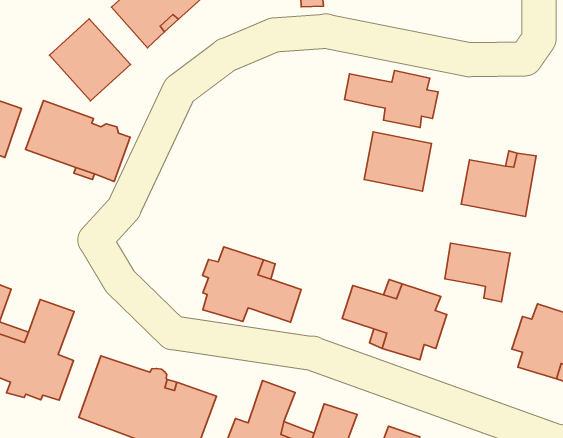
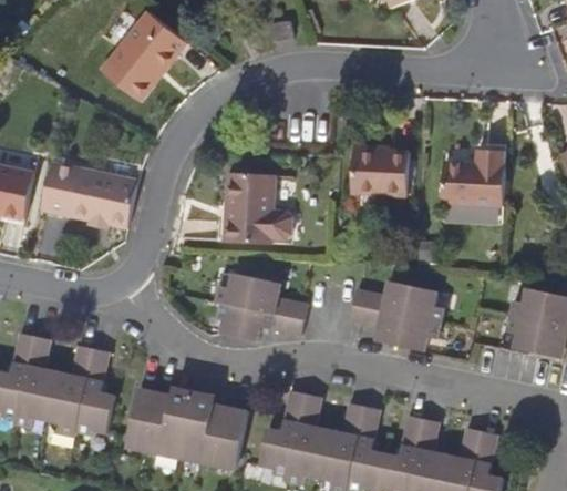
building: [49,19,130,101] -> none
building: [344,70,438,128] -> none
building: none -> [226,173,295,244]
building: [445,243,510,302] -> none

